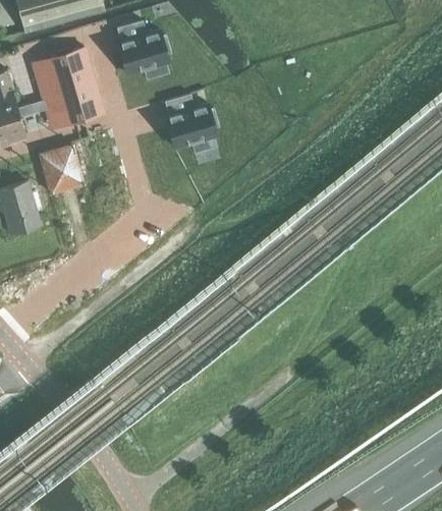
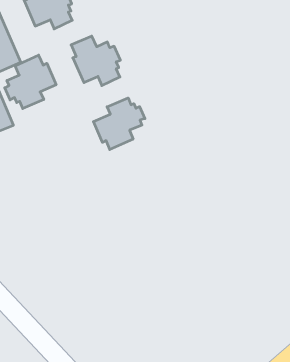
building: none -> [5,55,56,109]
building: none -> [93,98,145,150]

